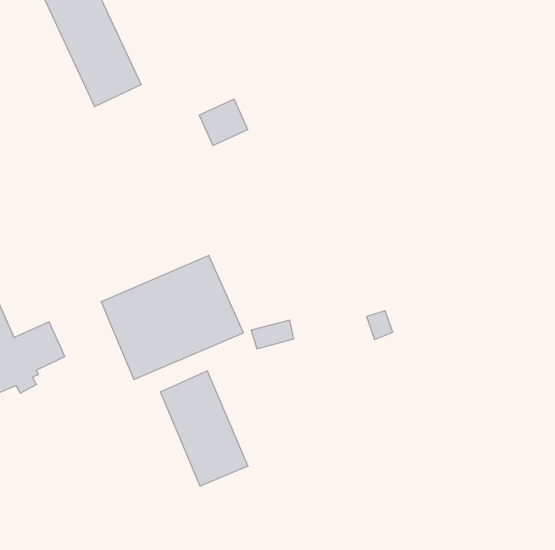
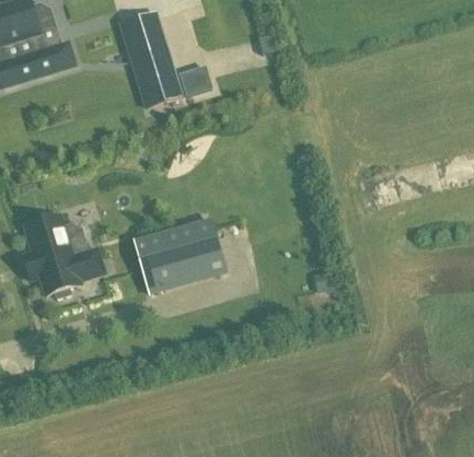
building: [199,99,248,146] -> [180,66,211,95]
building: [160,371,248,486] -> none

